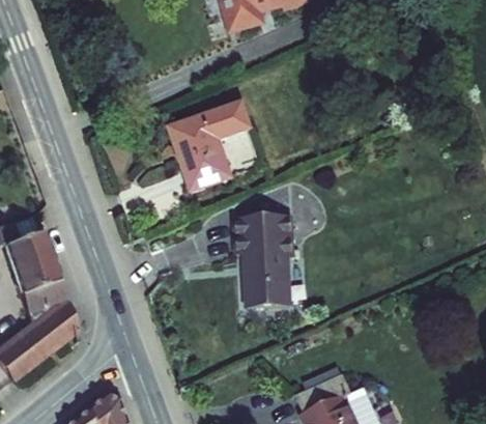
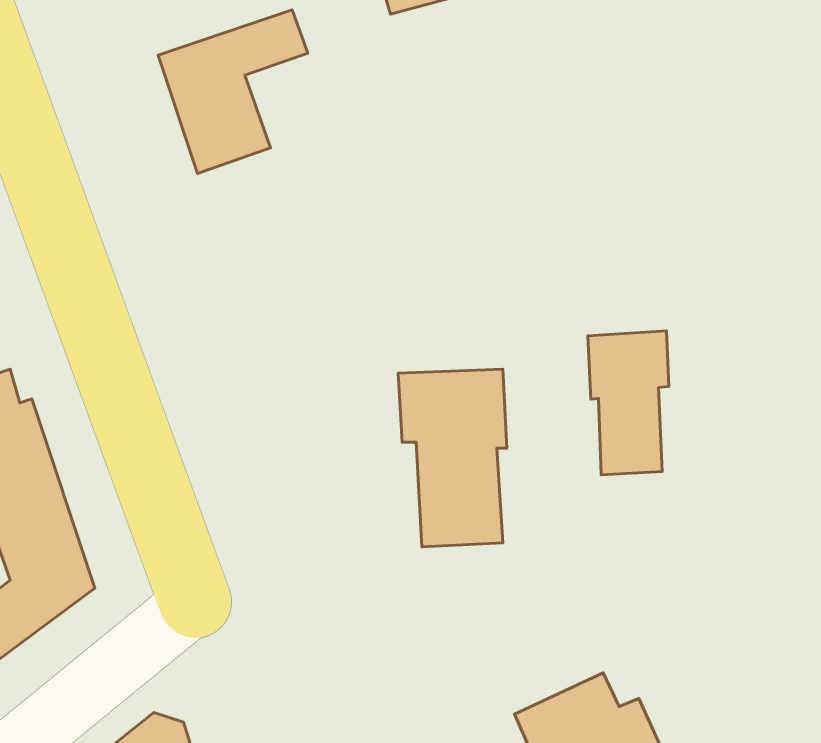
building: [171,105,250,191] -> [158,10,308,174]
building: none -> [588,331,669,475]

